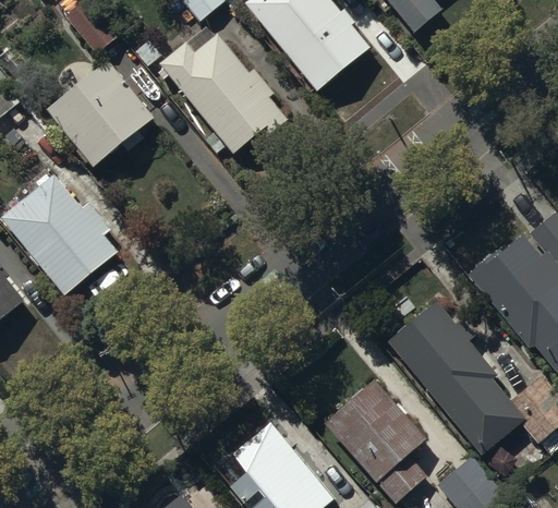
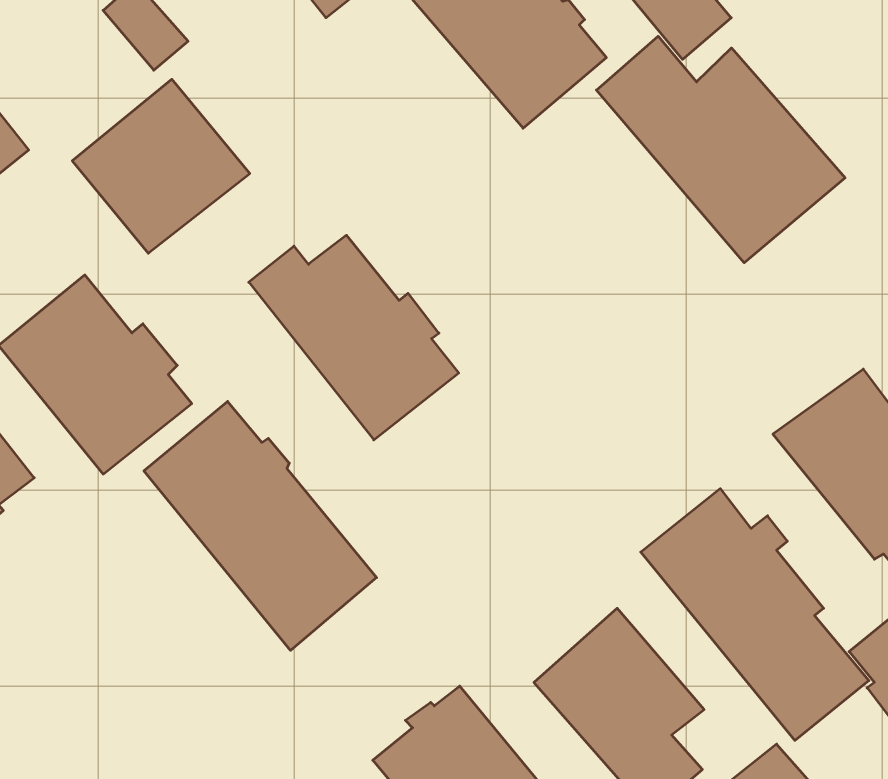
building: [158,33,284,156] -> [249,235,459,440]
building: none -> [596,36,845,263]
building: none -> [144,401,377,650]

